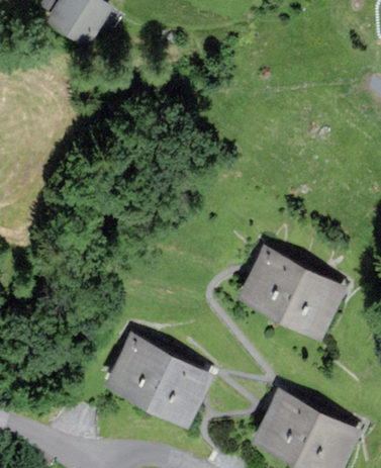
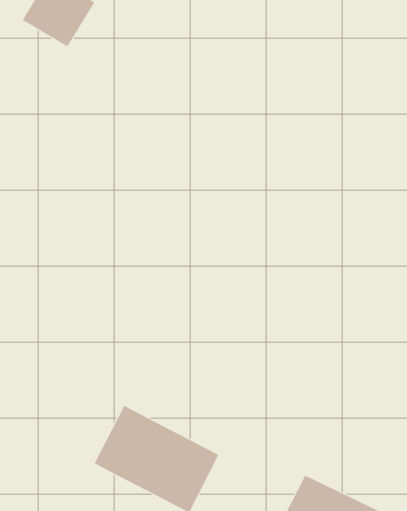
building: [241,250,343,337] -> none

